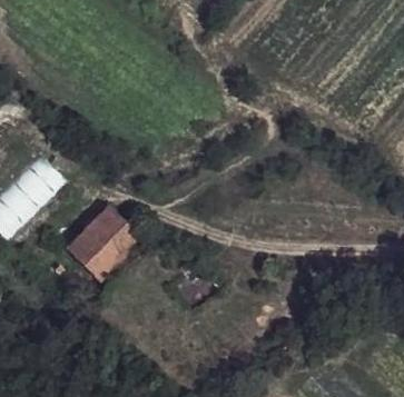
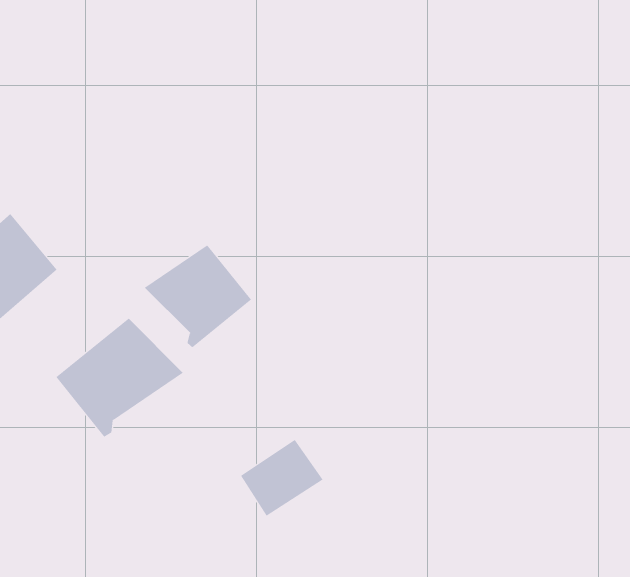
building: none -> [144,244,252,348]

